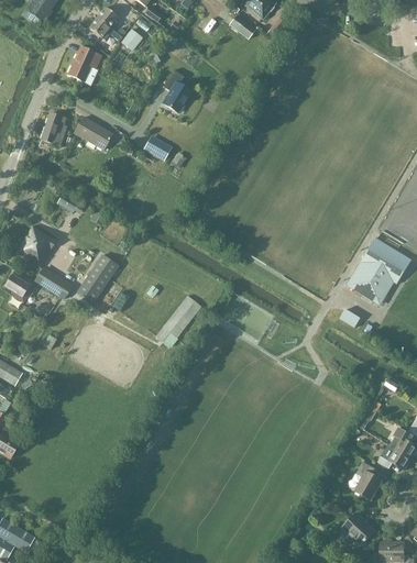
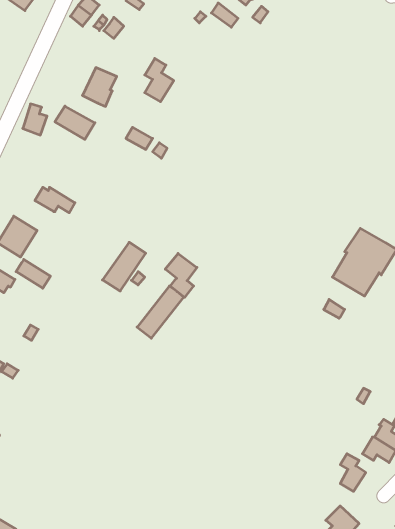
building: [68,46,102,85] -> [82,68,117,106]
building: [76,254,119,302] -> [102,242,146,291]
building: none -> [165,253,197,297]

